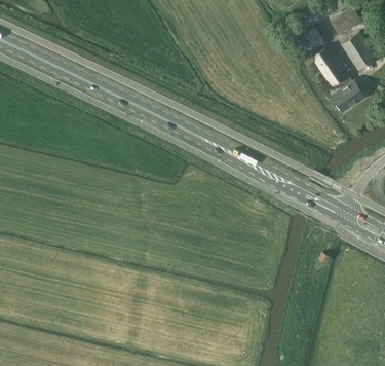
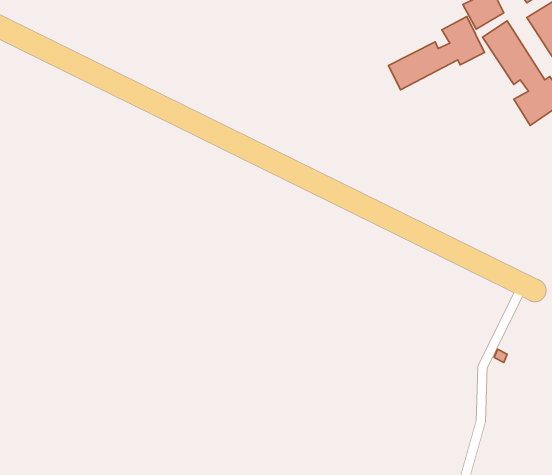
building: none -> [388,16,484,90]

